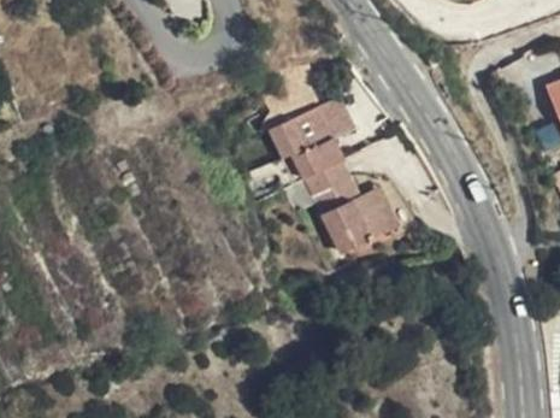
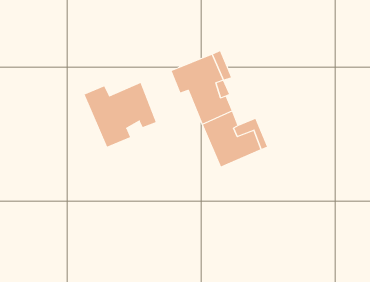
building: none -> [84,82,157,147]

